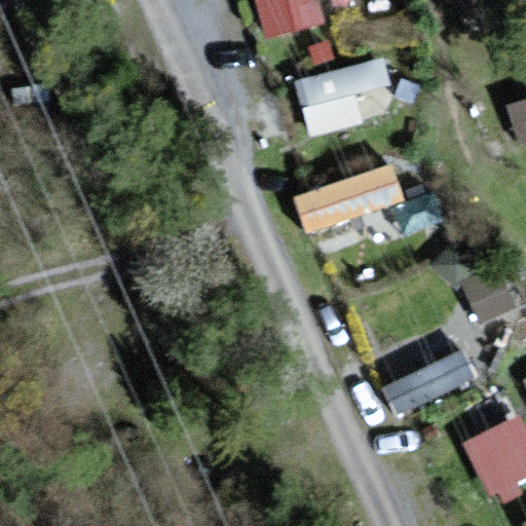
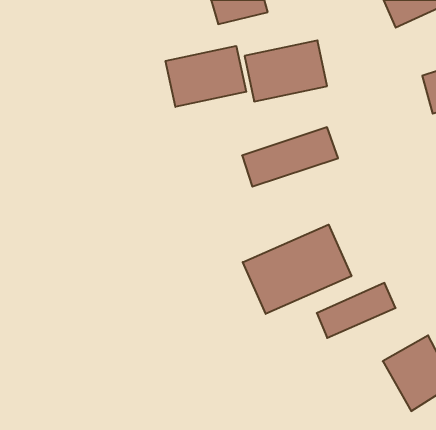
building: none -> [166,46,246,107]
building: none -> [243,225,351,314]

